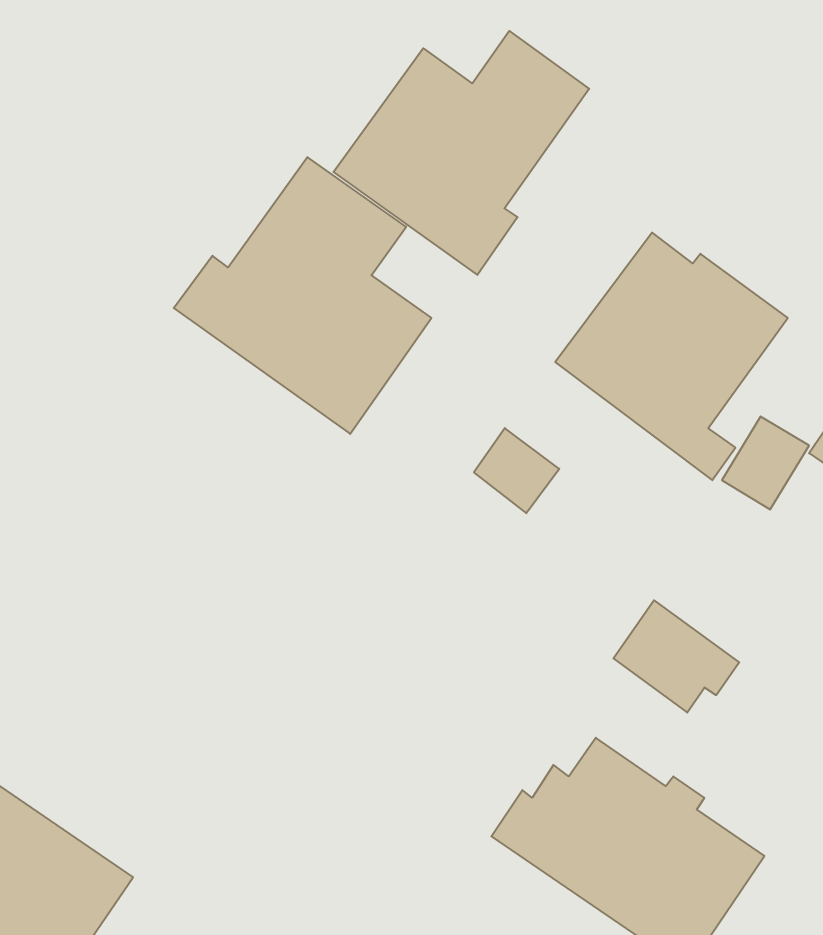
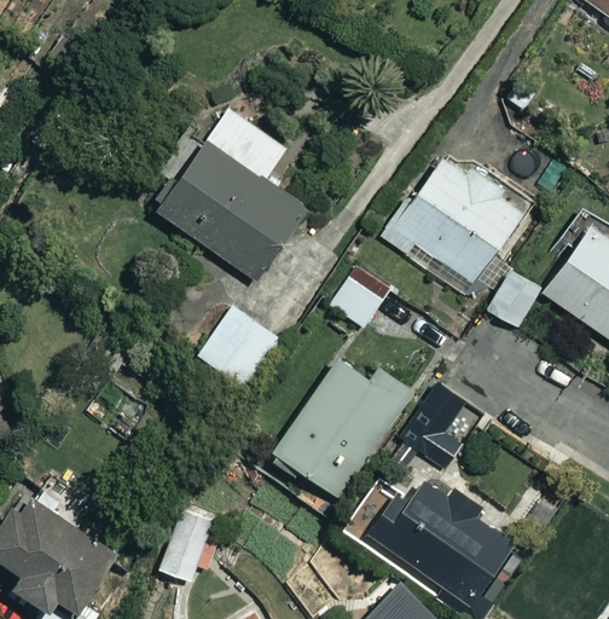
building: [333,31,589,275] -> none
building: none -> [199,307,280,388]
building: none -> [266,358,413,497]
building: none -> [161,508,216,583]

